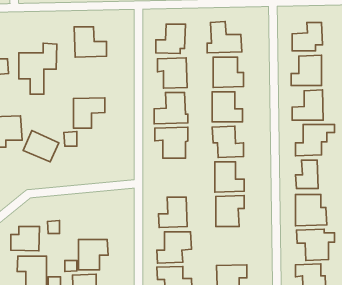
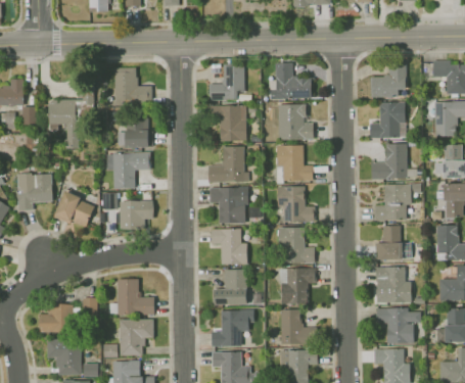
building: none -> [117,119,149,147]
building: none -> [120,200,153,229]
building: none -> [212,229,247,265]
building: none -> [118,279,154,315]
building: none -> [280,309,318,345]

